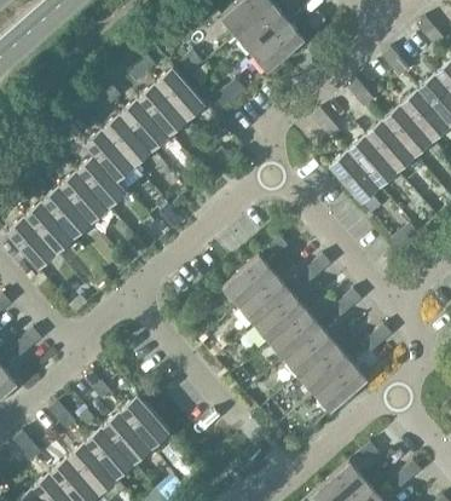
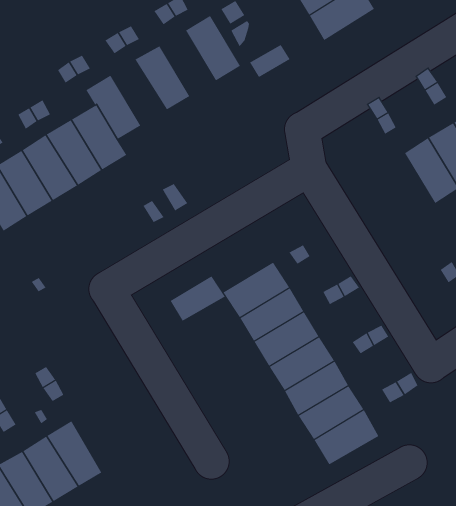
building: [138,83,187,136] -> none
building: [103,114,152,166] -> none
building: [330,151,381,214] -> none
building: none -> [170,275,226,322]
building: [120,396,169,449] -> none

